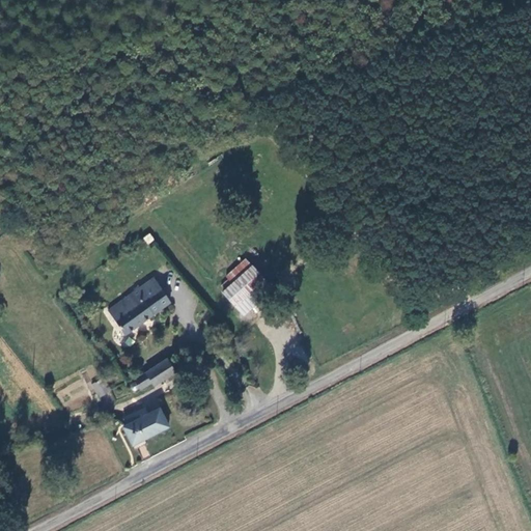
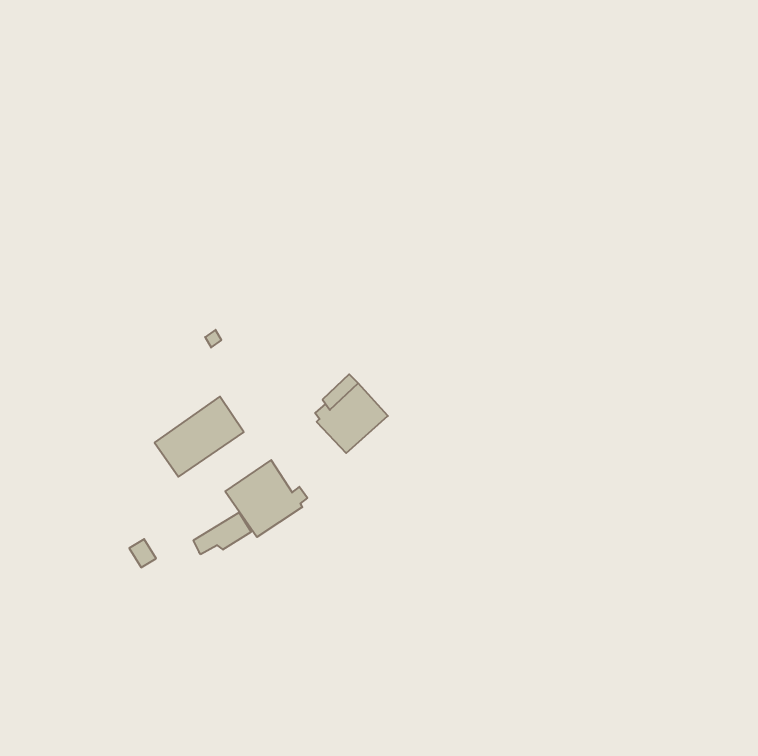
building: none -> [225,460,307,537]
building: [128,406,171,443] -> none

